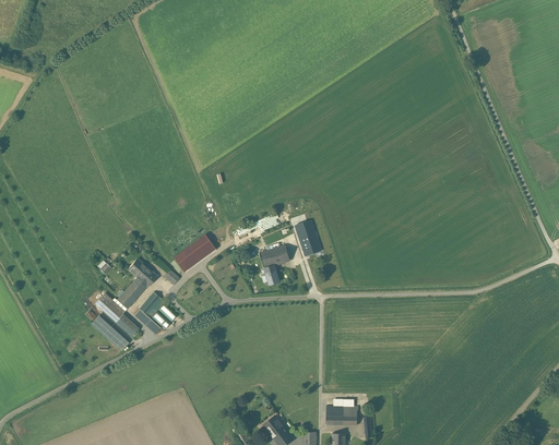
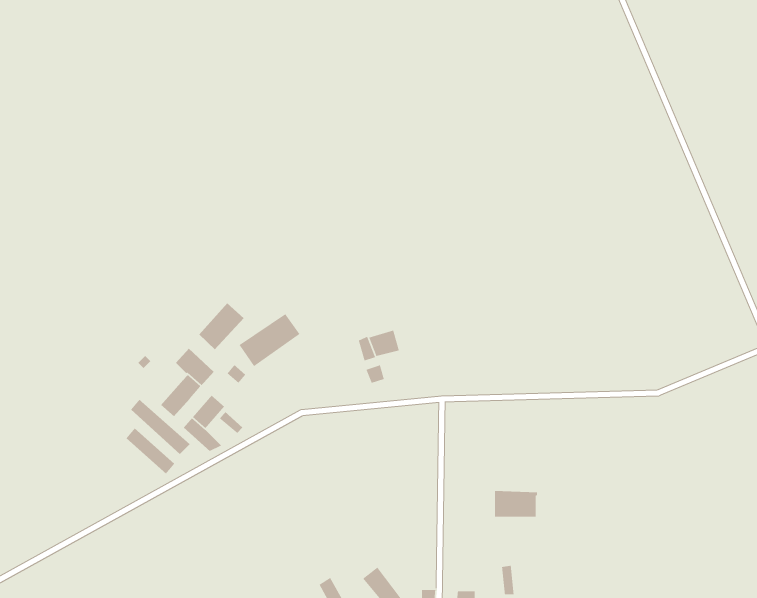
building: [296,219,321,254] -> none
building: none -> [198,303,245,350]
building: [326,405,358,424] -> [494,490,538,517]

